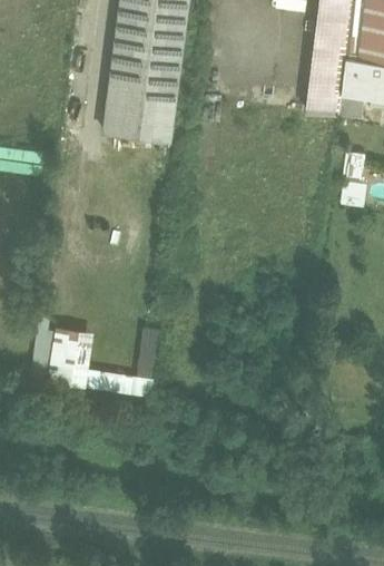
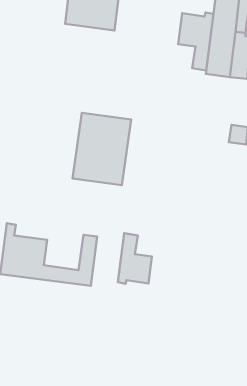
building: none -> [178,12,213,71]
building: [104,39,183,137] -> [73,113,131,185]
building: none -> [118,233,152,284]

